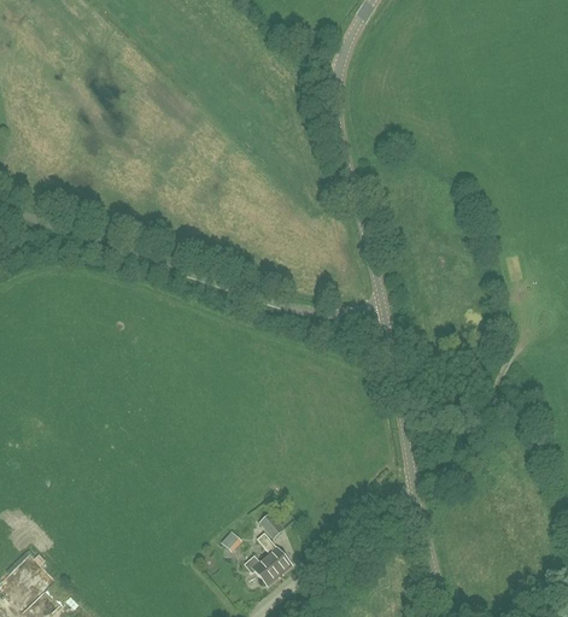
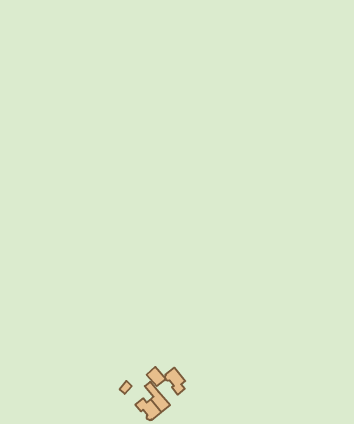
building: none -> [165,368,185,395]

